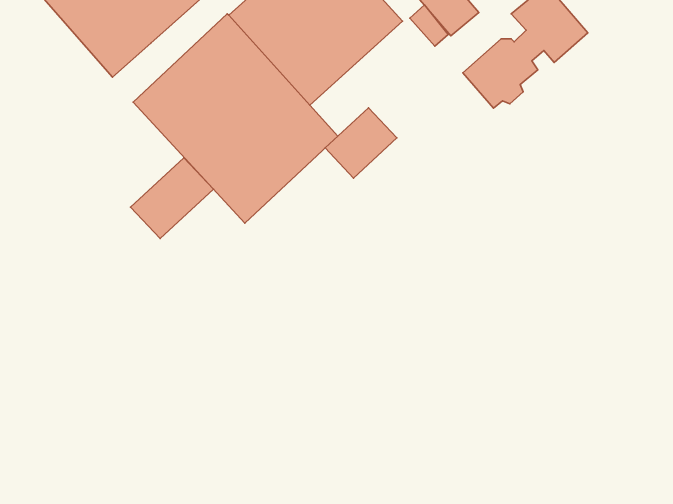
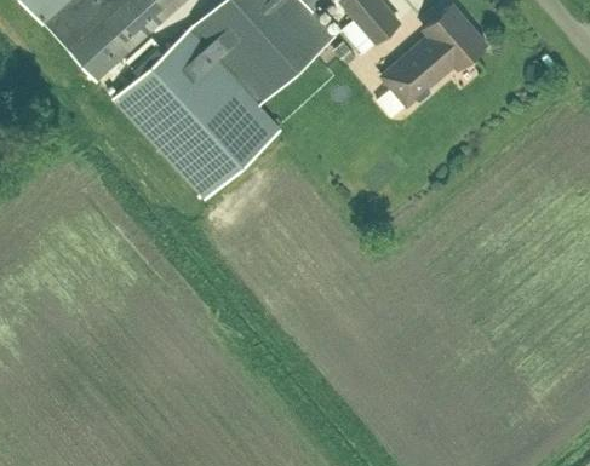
building: [325,108,397,178] -> none
building: [131,158,214,239] -> none

